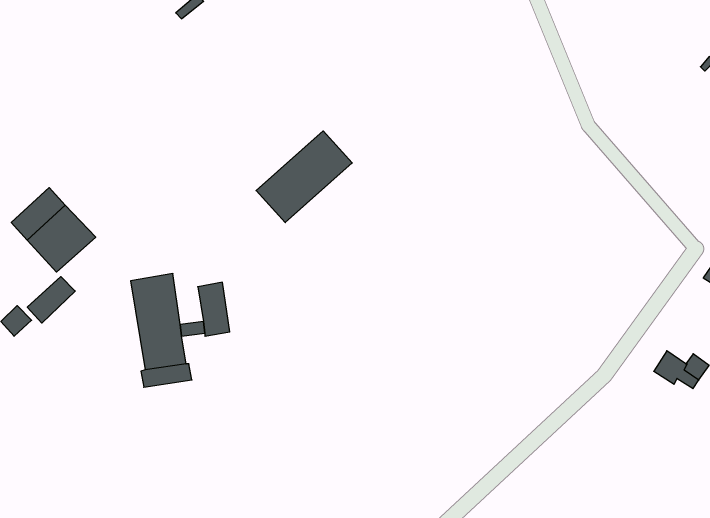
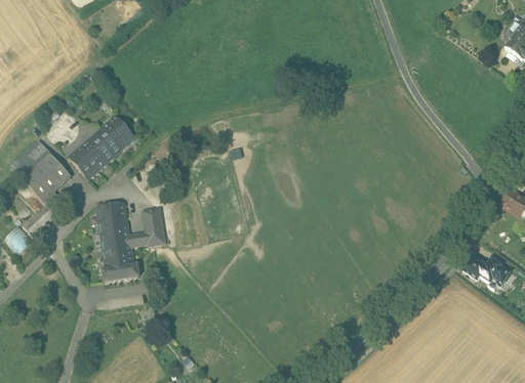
building: [256,131,352,223] -> [68,114,135,178]

